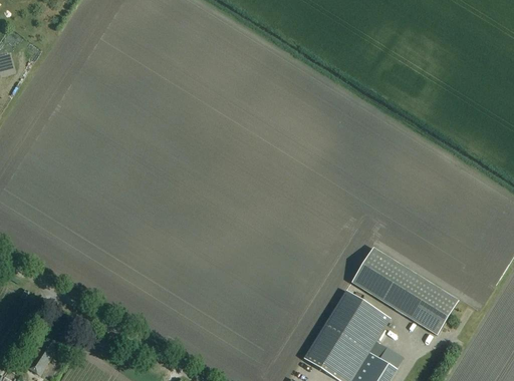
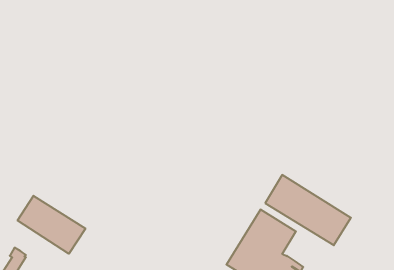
building: none -> [18,196,85,254]

